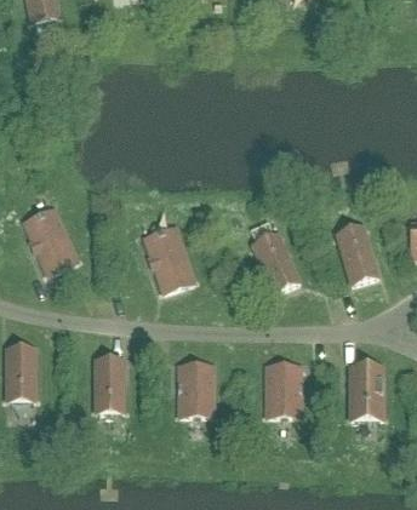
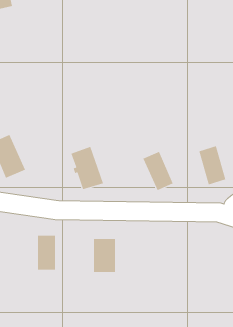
building: [267,366,301,417] -> none
building: [350,366,383,419] -> none

